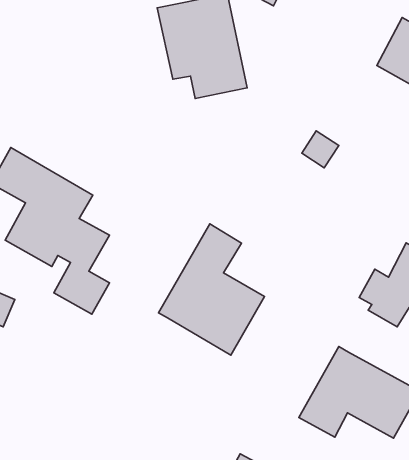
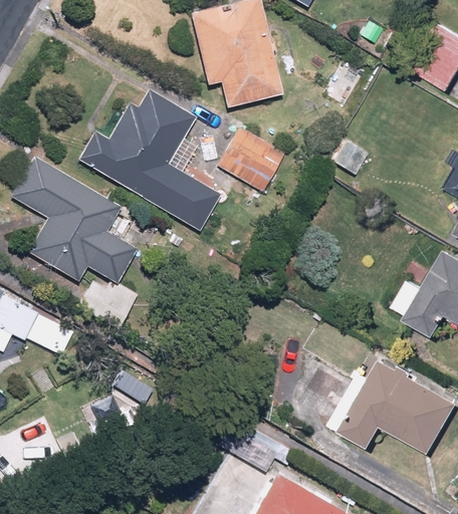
building: none -> [78,88,222,230]
building: none -> [218,128,284,191]
building: [158,224,265,355] -> none

